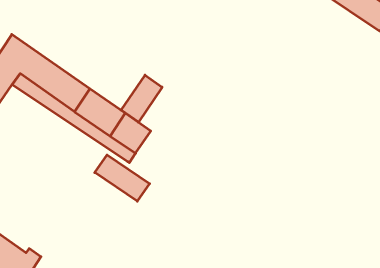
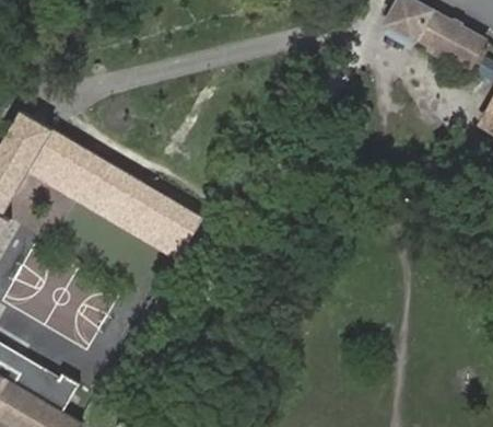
building: [121,75,162,122] -> none
building: [95,155,150,201] -> none

